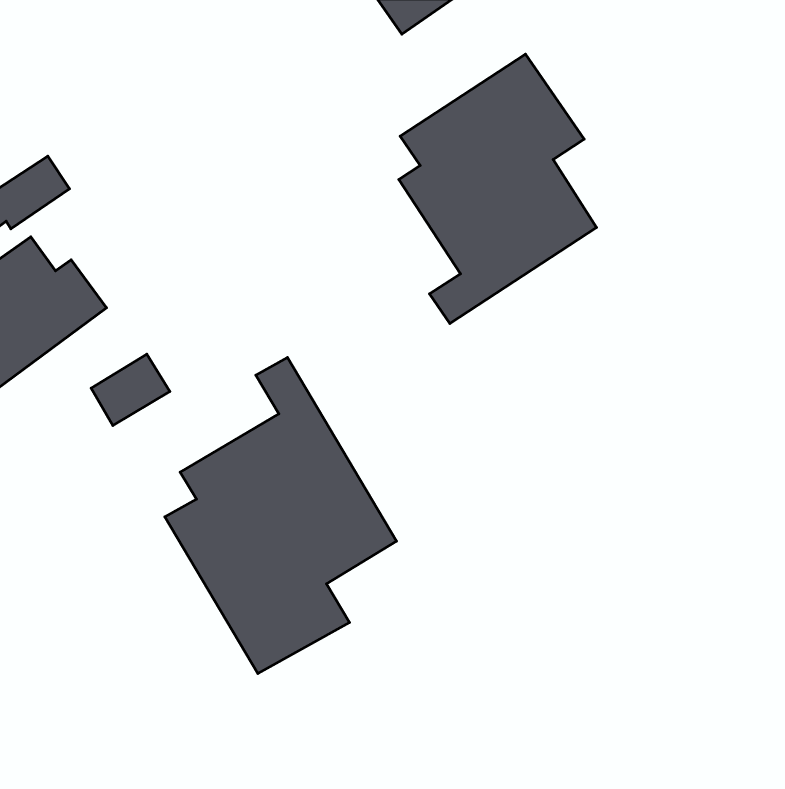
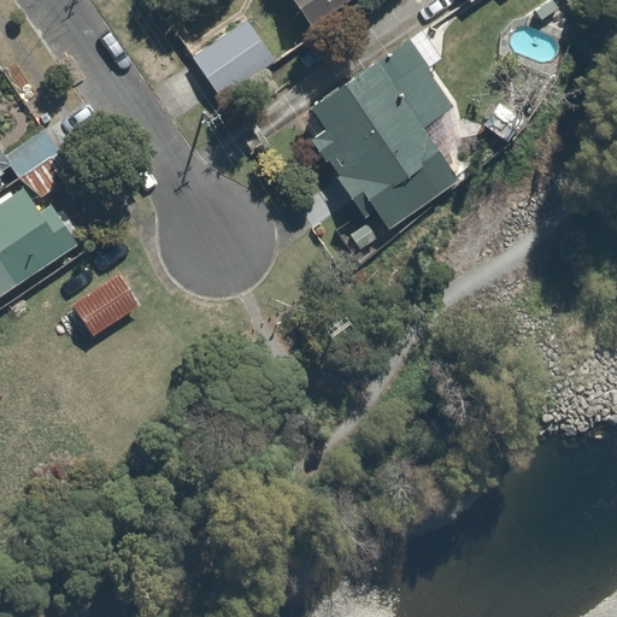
building: none -> [189,12,282,99]
building: [165,358,396,673] -> none

